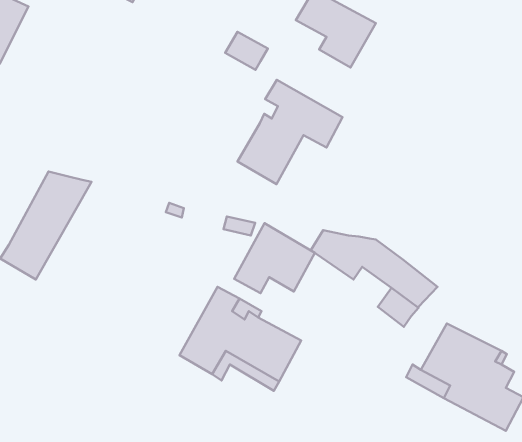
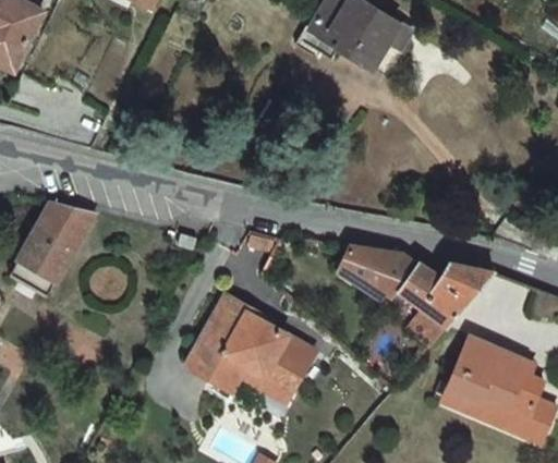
building: [225,32,268,70] -> [305,24,350,63]
building: [238,80,343,184] -> none
building: [234,223,315,293] -> none
building: none -> [429,260,489,301]

